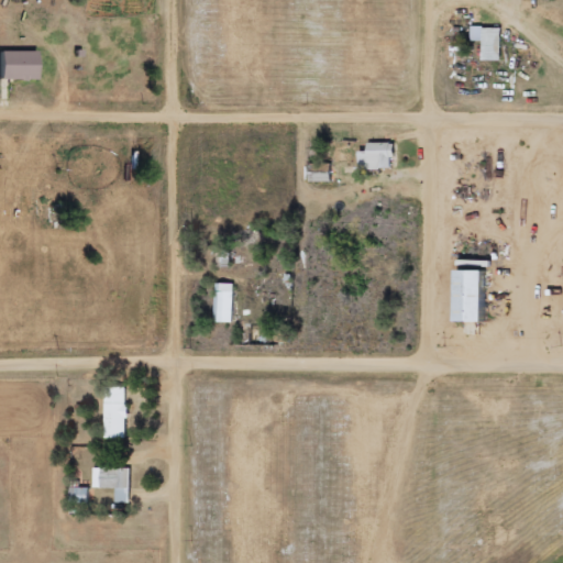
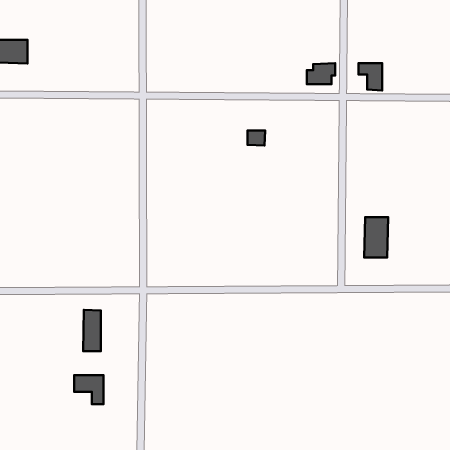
building: [470,26,499,60] -> [358,63,382,90]
building: [357,142,393,168] -> [307,63,335,84]
building: [212,284,232,322] -> none

